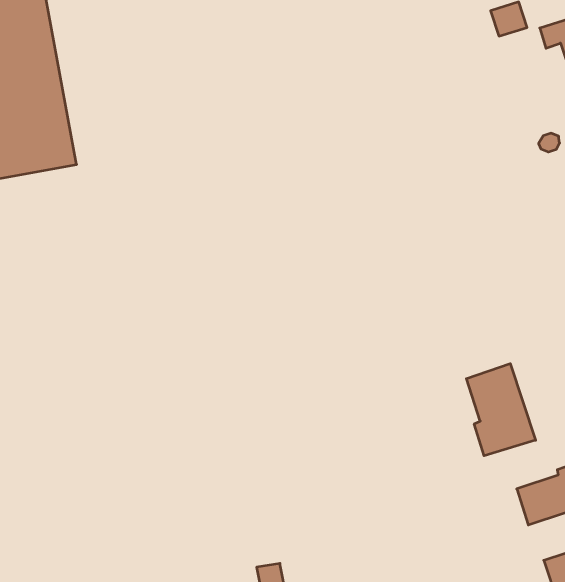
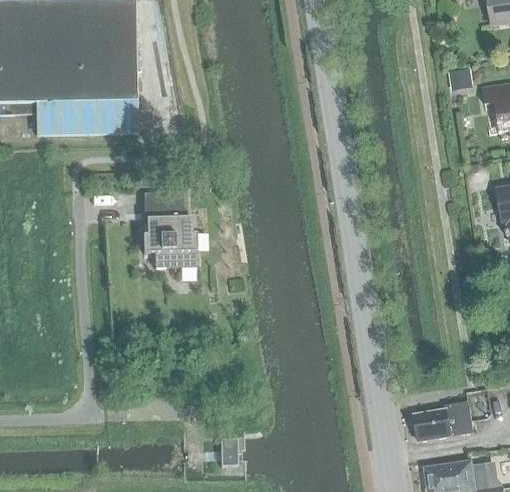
building: none -> [143,190,197,266]
building: [466,364,536,456] -> none

